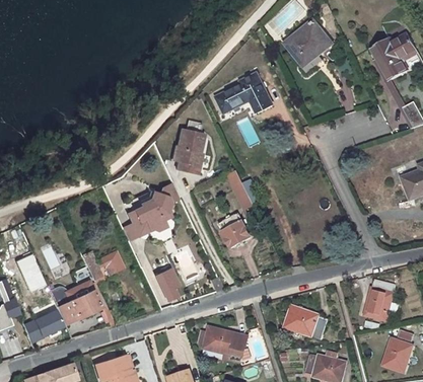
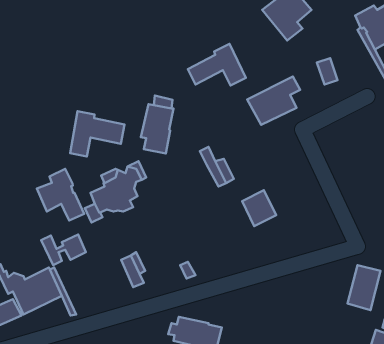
building: none -> [247,77,300,125]
building: none -> [70,111,124,156]
building: none -> [37,169,84,220]
building: [219,214,251,247] -> [242,190,276,226]
building: [285,306,329,339] -> none

